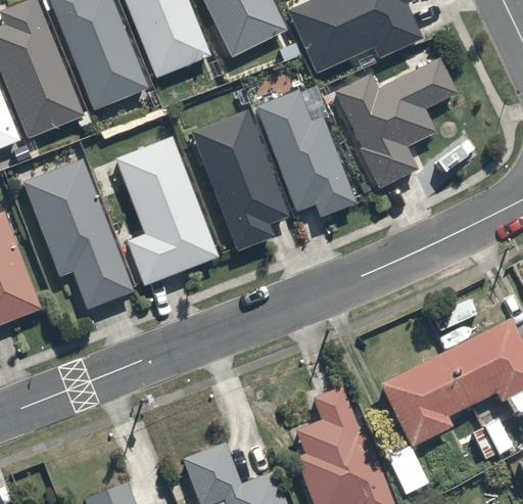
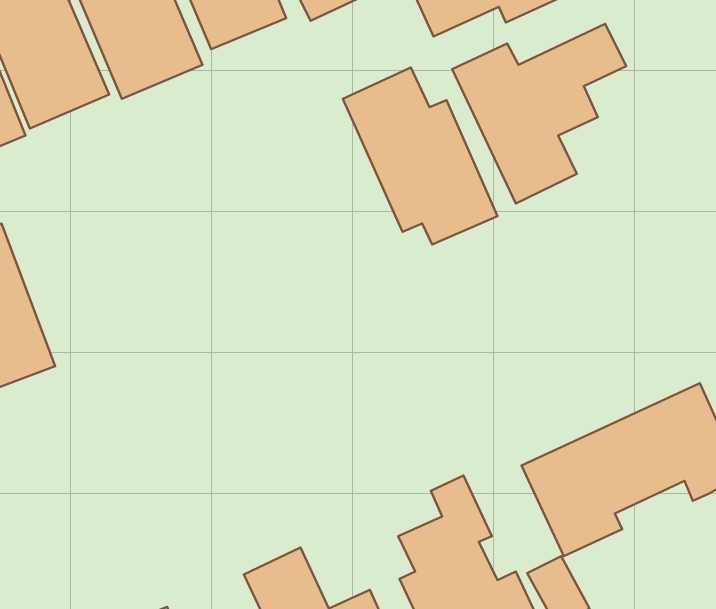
building: [189,107,291,253] -> none
building: [110,136,222,286] -> none
building: [18,157,137,312] -> none

